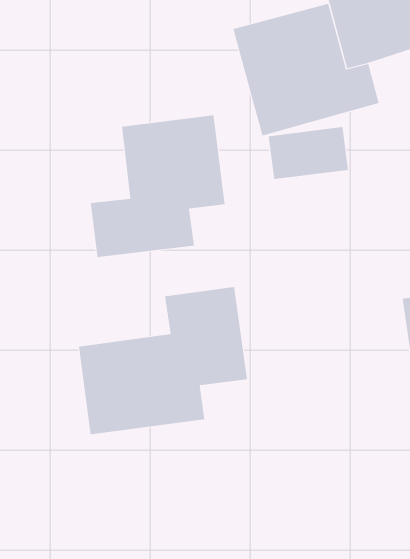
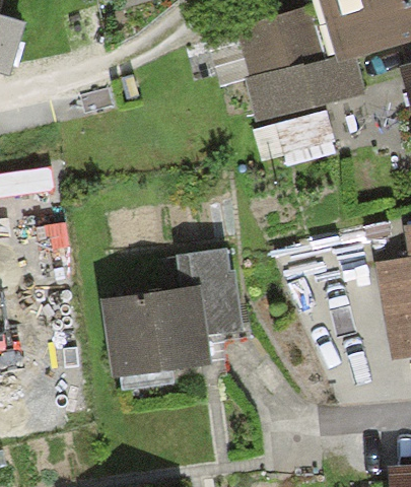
building: [90,115,225,258] -> none

